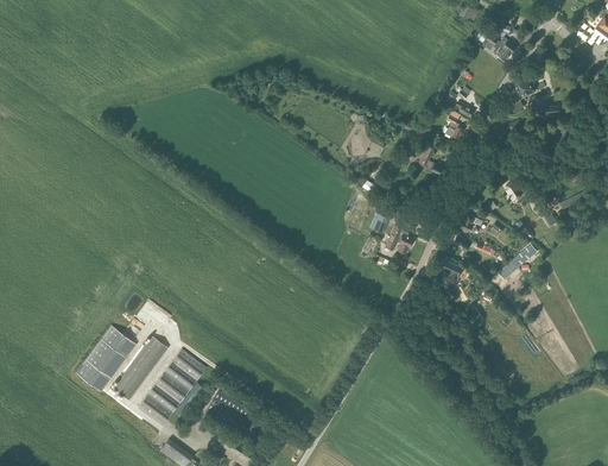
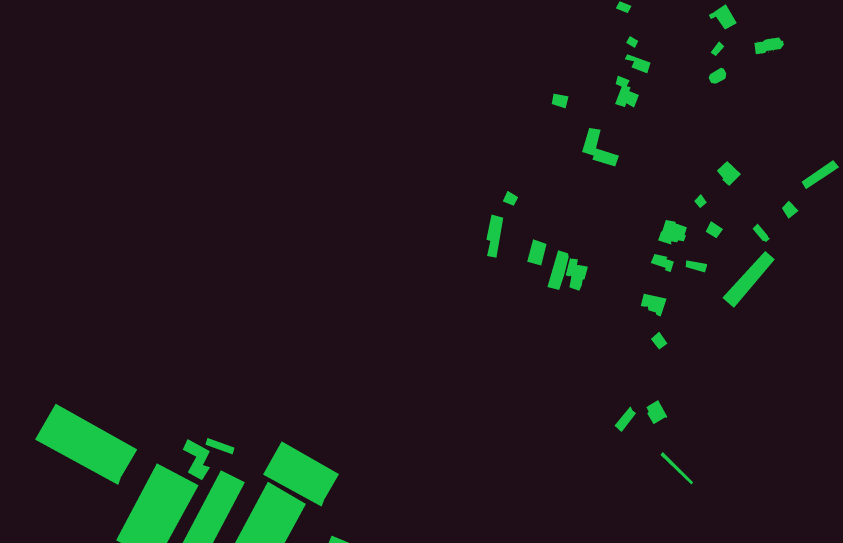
building: none -> [34,403,138,486]
building: none -> [262,441,340,507]

